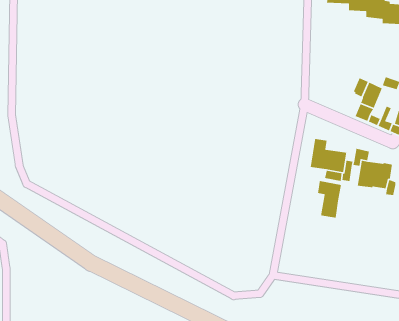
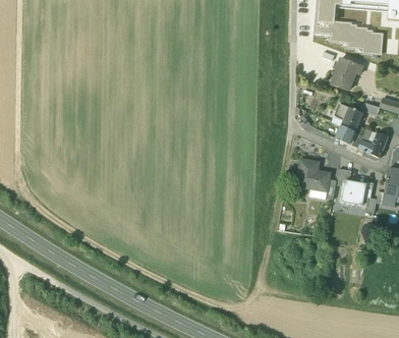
building: none -> [332,57,362,91]
building: [317,180,342,219] -> none

